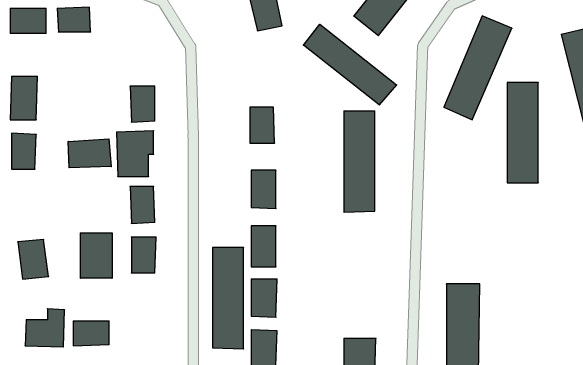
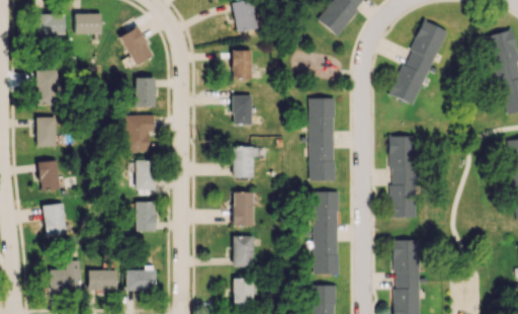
building: none -> [119,26,154,66]
building: [303,24,397,105] -> none
building: none -> [233,50,253,80]
building: [507,83,538,183] -> [391,136,416,218]
building: [68,139,111,168] -> none
building: none -> [38,160,61,190]
building: [80,233,112,278] -> none
building: [213,248,244,349] -> [314,191,339,274]
building: none -> [126,269,156,291]

